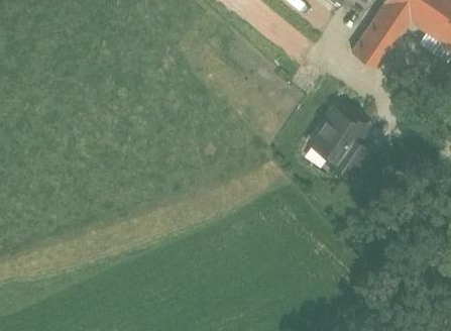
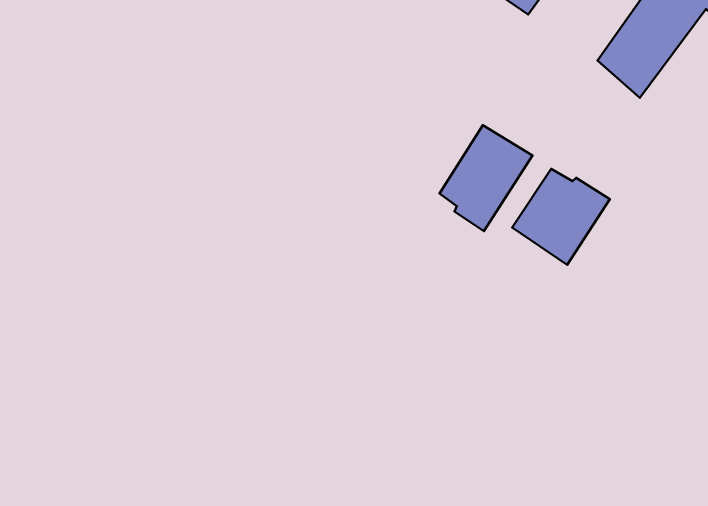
building: none -> [439,125,533,231]

